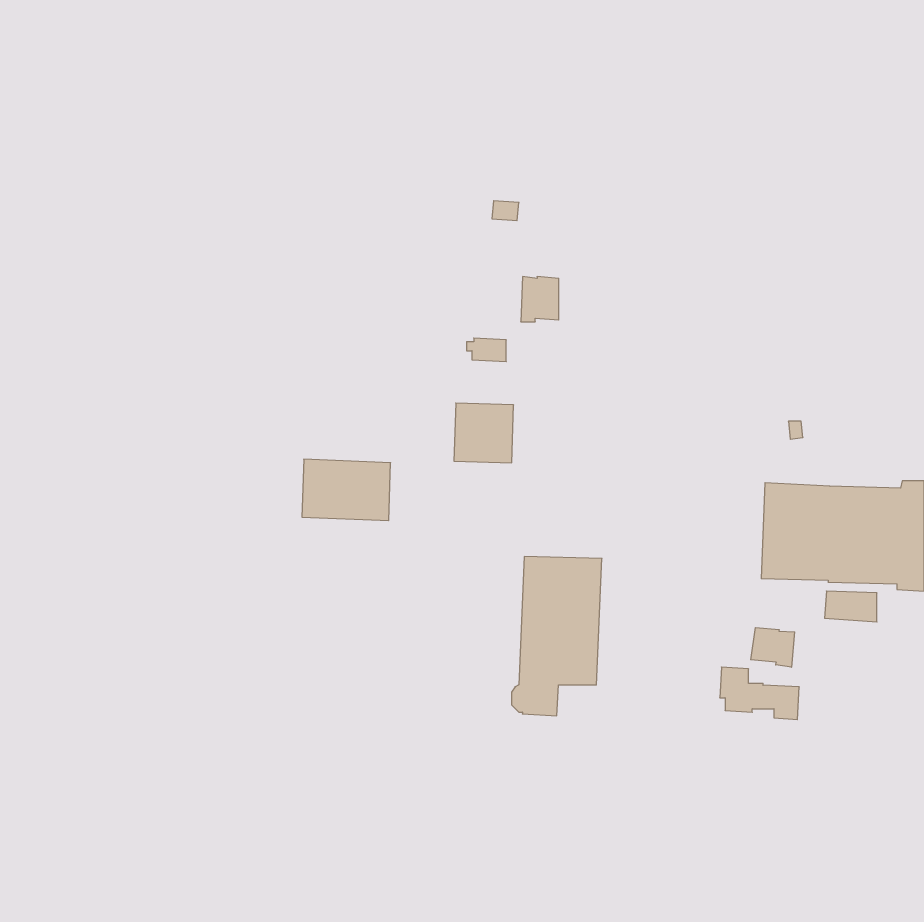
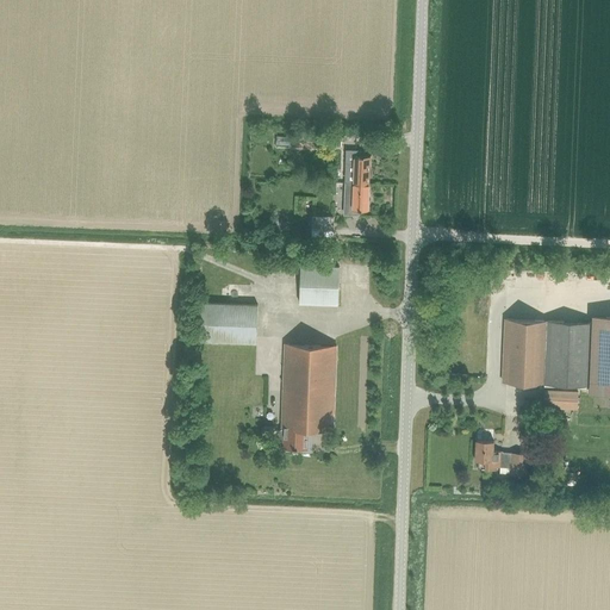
building: none -> [344,151,369,185]
building: [512,557,602,716] -> [276,346,336,450]
building: [751,628,795,667] -> none

